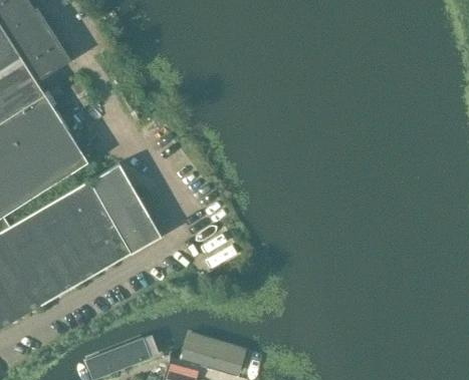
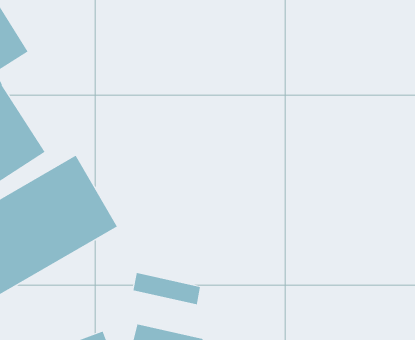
building: none -> [133,272,201,305]

